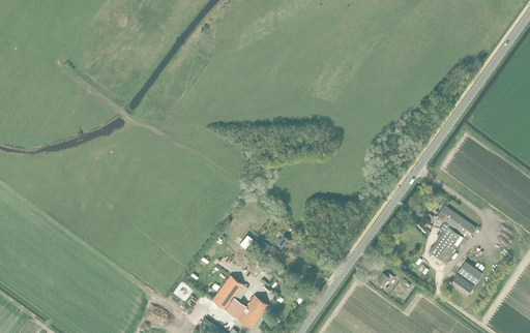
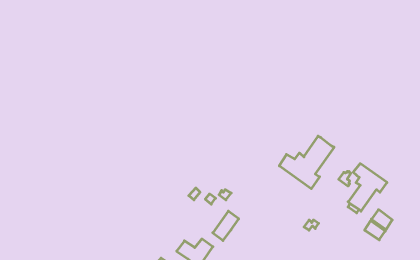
building: none -> [279,136,334,189]
building: [212,274,243,309] -> [213,211,239,241]

